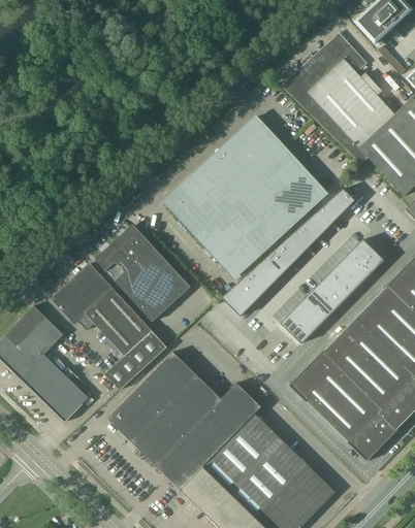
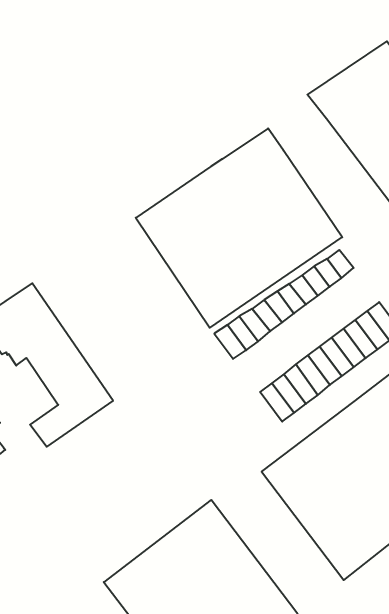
building: [325,189,354,216] -> none
building: [94,224,190,321] -> none
building: [221,283,255,316] -> none
building: [107,352,261,489] -> none

